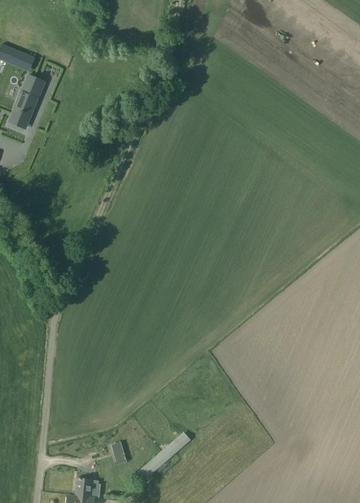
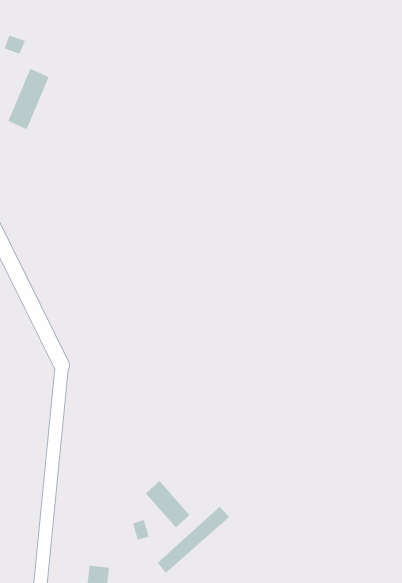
building: none -> [145,480,190,528]

